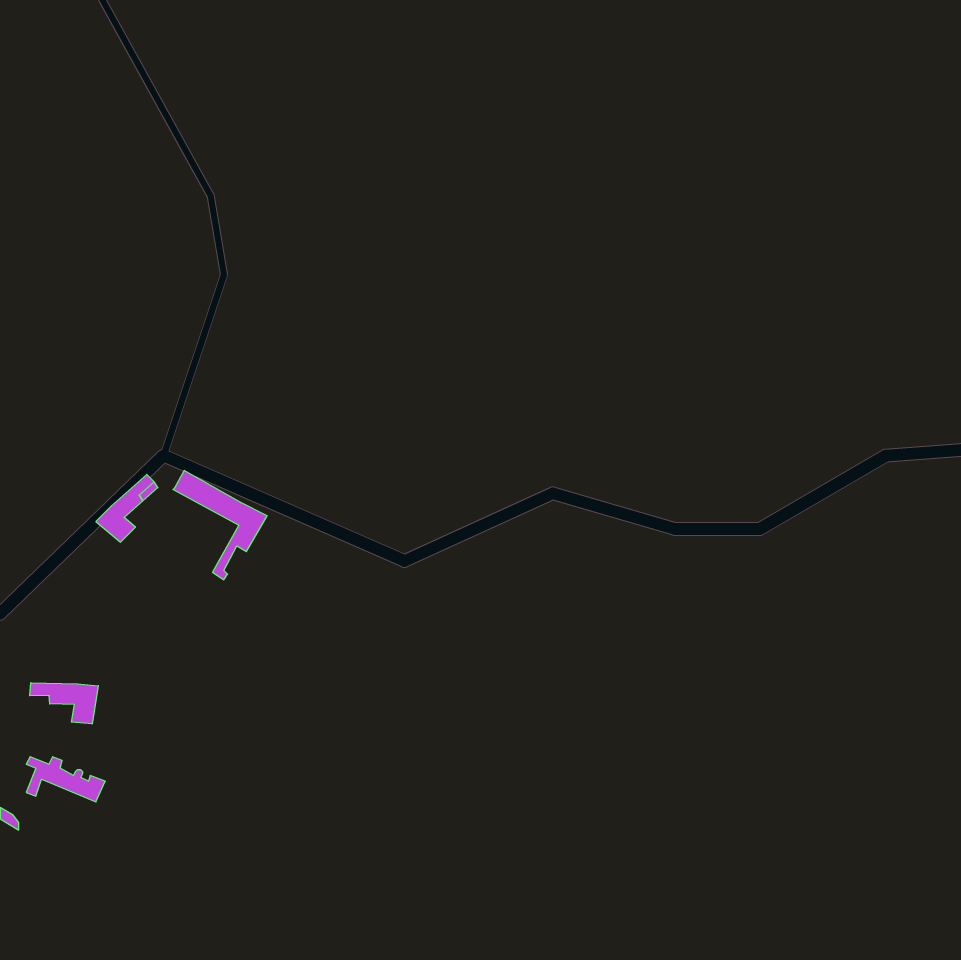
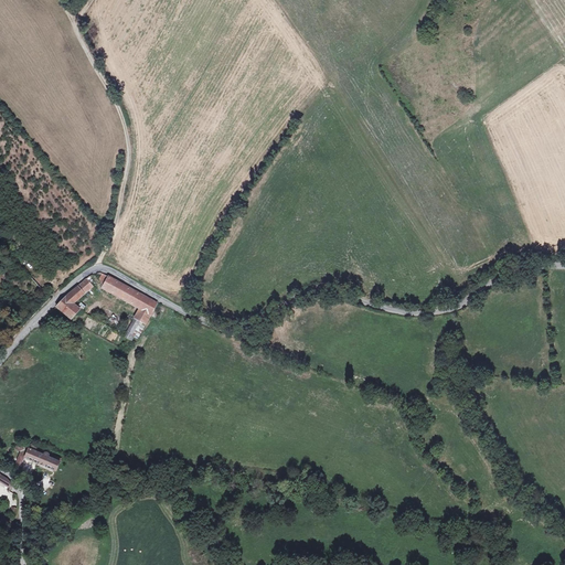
building: [30,683,98,724] -> none

